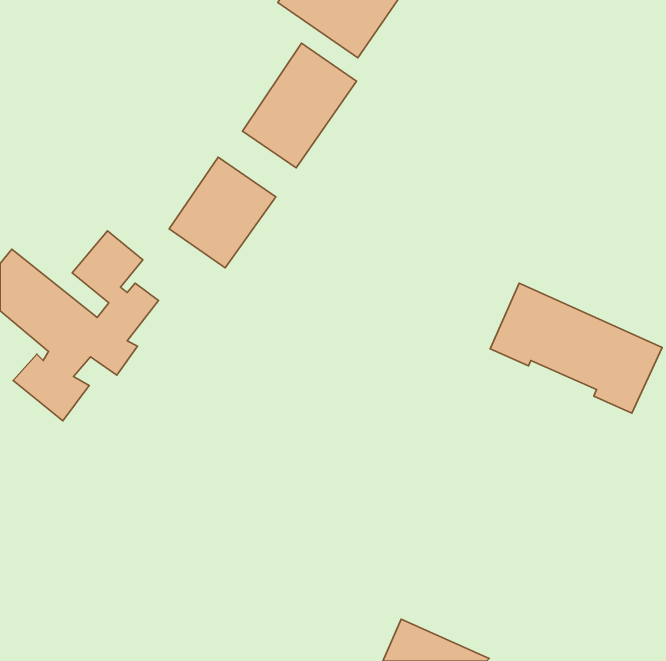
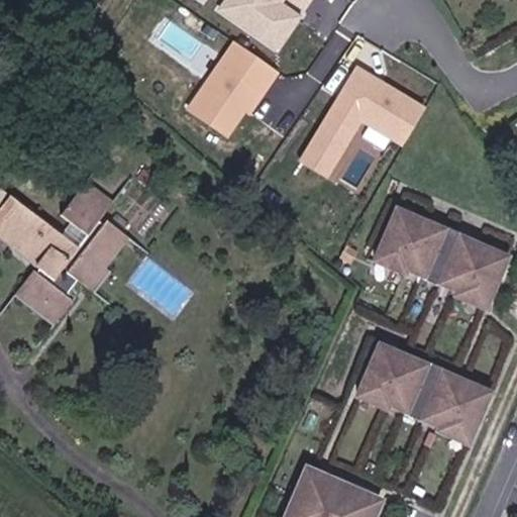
building: none -> [300,58,427,172]
building: [169,157,276,268] -> none
building: none -> [361,353,494,452]

